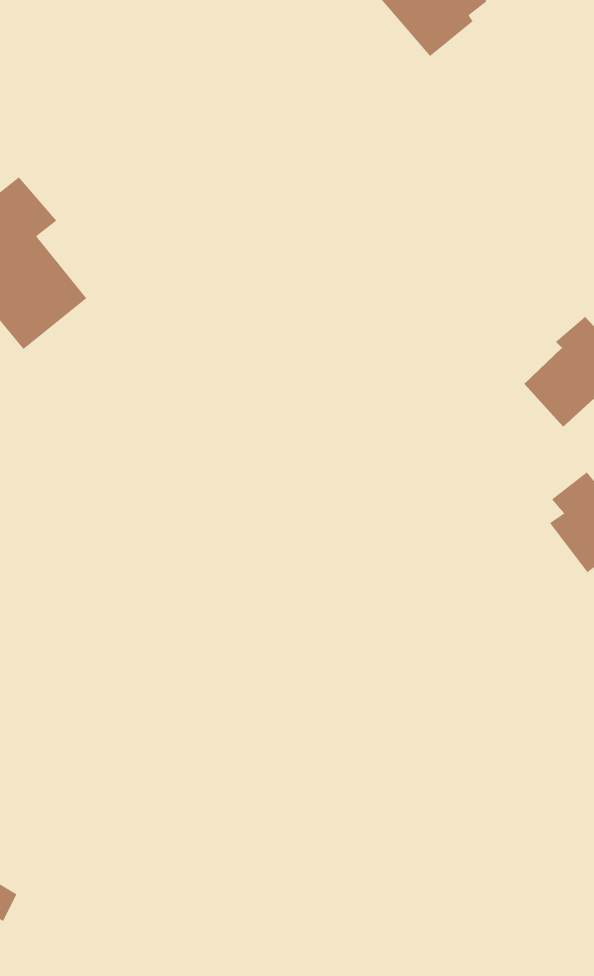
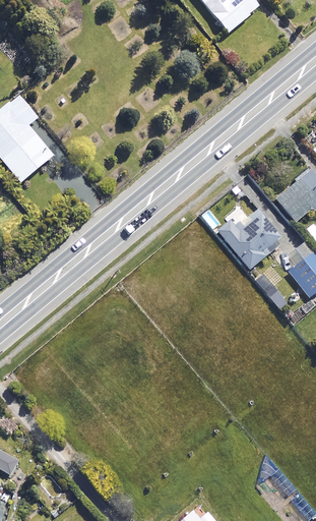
building: none -> [217,209,280,269]

